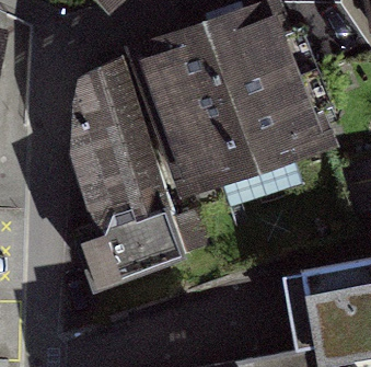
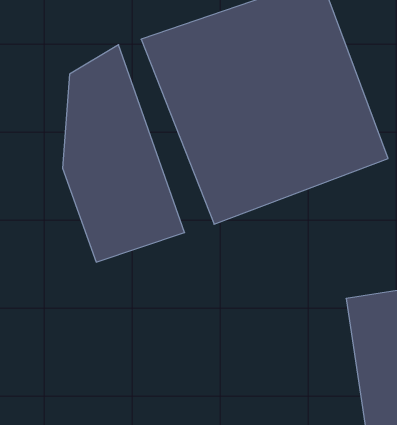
building: [79,205,189,290] -> none

